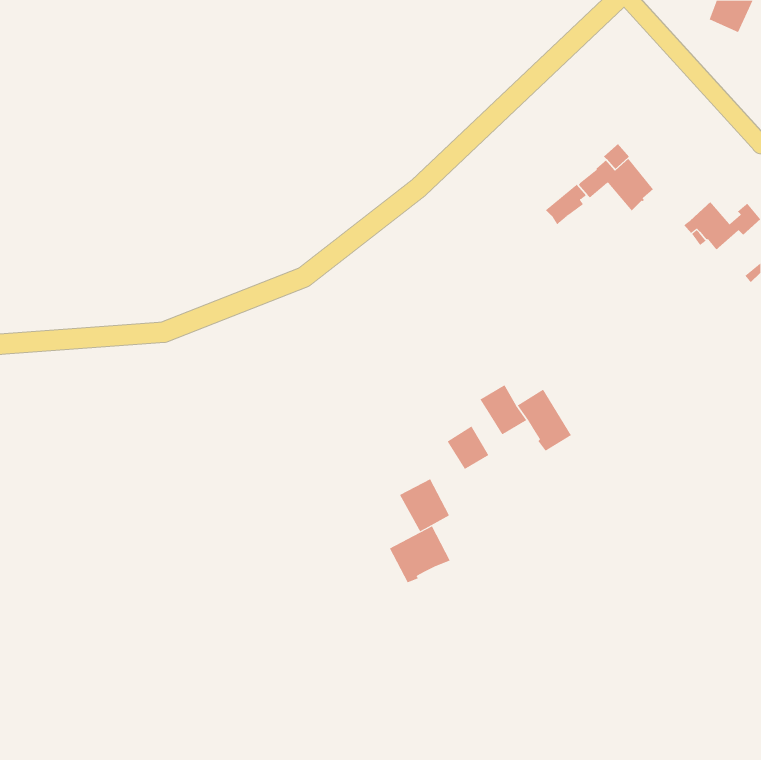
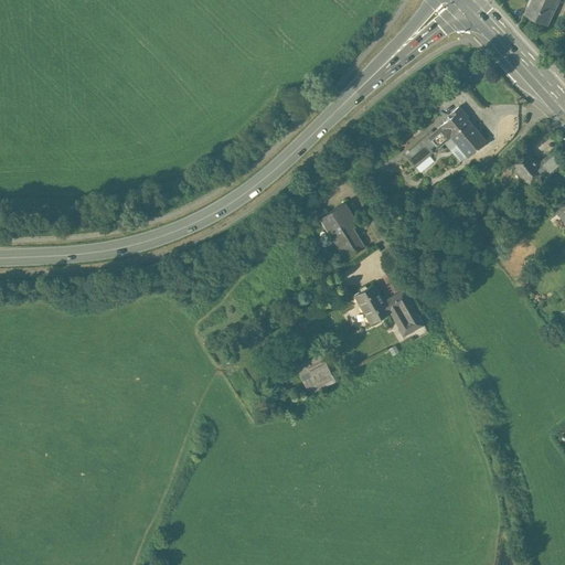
building: none -> [320,204,363,258]
building: [447,426,489,470] -> none
building: [389,526,451,583] -> none

